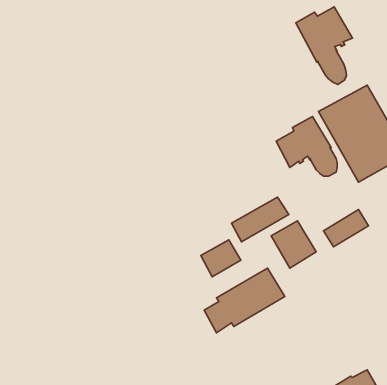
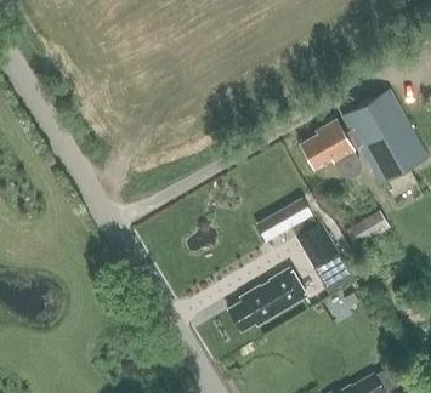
building: [296,7,353,85] -> none
building: [201,240,241,277] -> none

